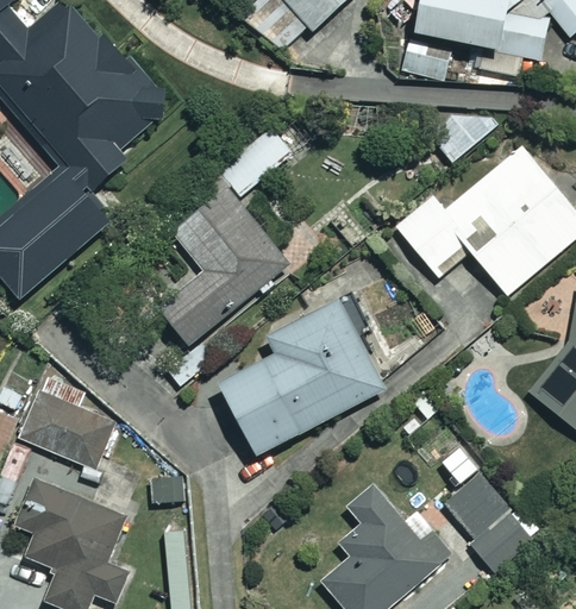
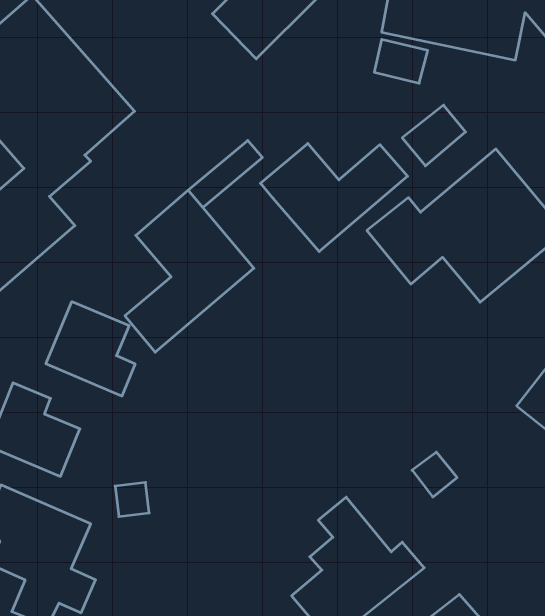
building: none -> [260,143,408,252]
building: none -> [46,302,135,396]
building: [215,301,382,457] -> none
building: [445,476,534,572] -> none

